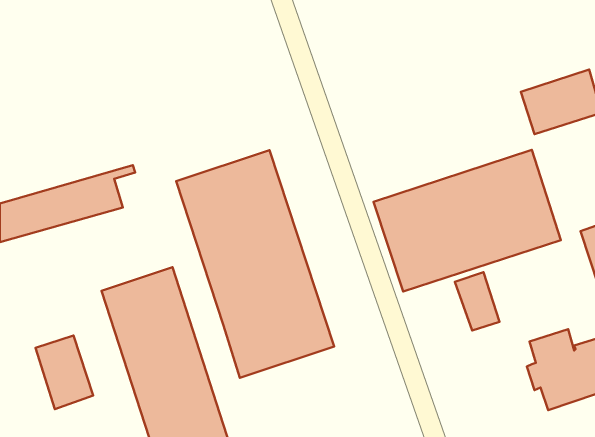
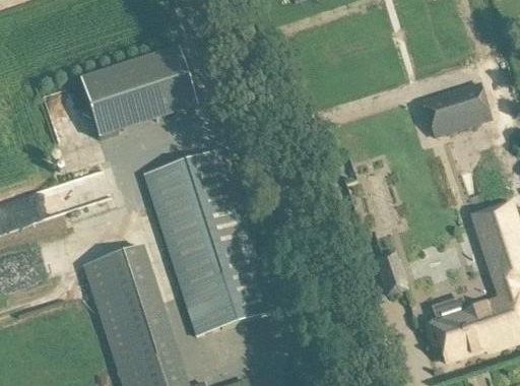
building: none -> [80,54,190,138]
building: [373,150,561,291] -> none
building: [35,335,93,409] -> none

